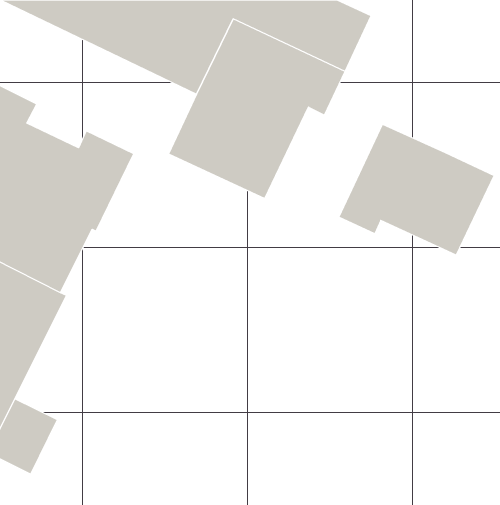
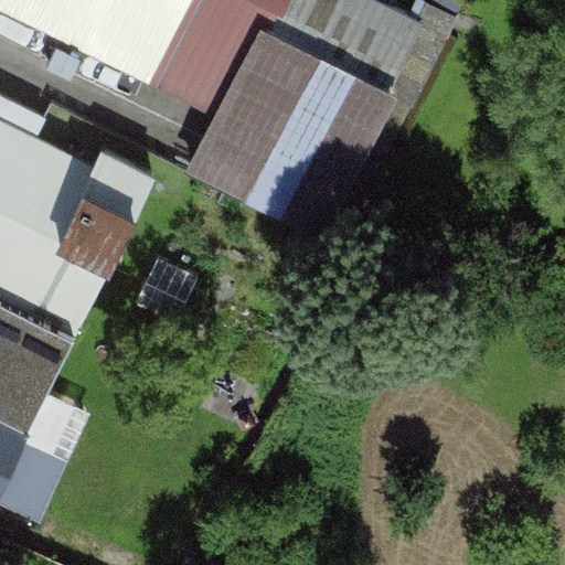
building: [339,124,494,255] -> none

